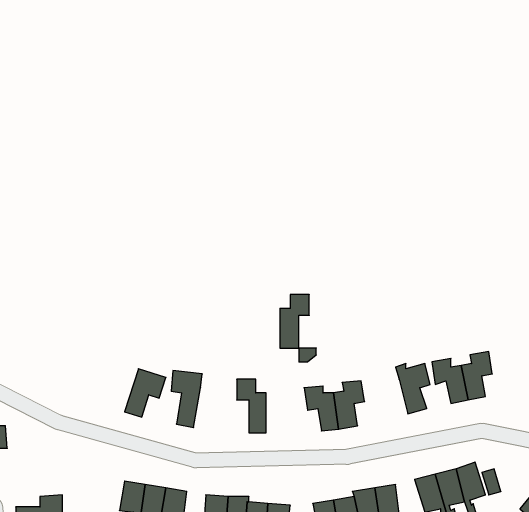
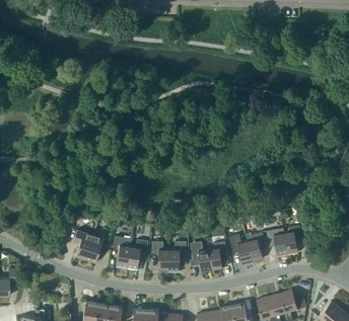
building: [280,295,309,348] -> [168,241,186,272]
building: none -> [73,230,93,260]
building: none -> [227,234,252,264]
building: none -> [126,239,148,271]

